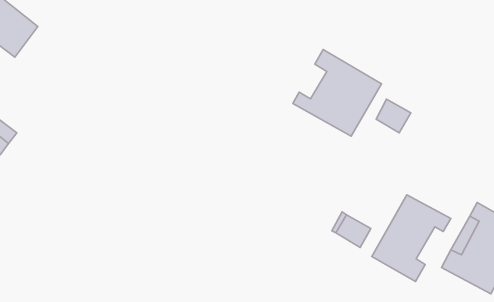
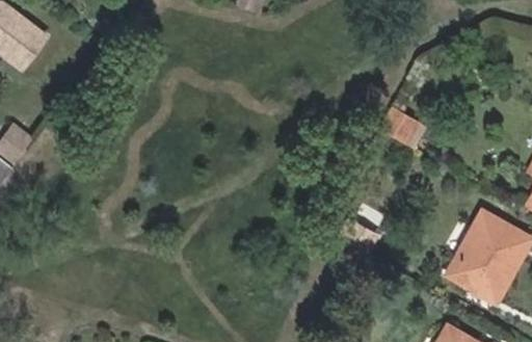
building: [293,50,382,136] -> none
building: [372,195,451,281] -> none

